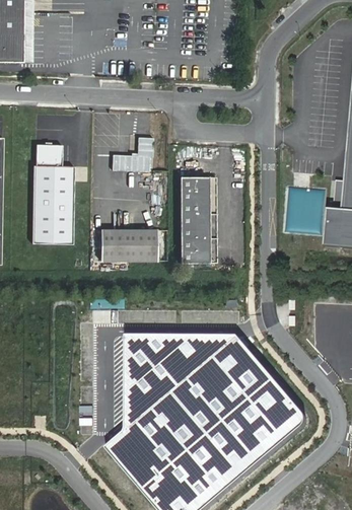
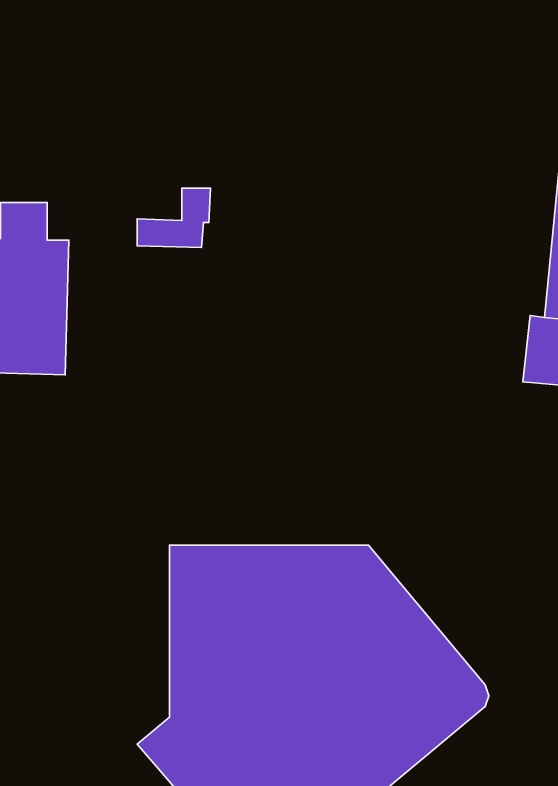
building: [180,175,215,262] -> none
building: [100,228,156,260] -> none

